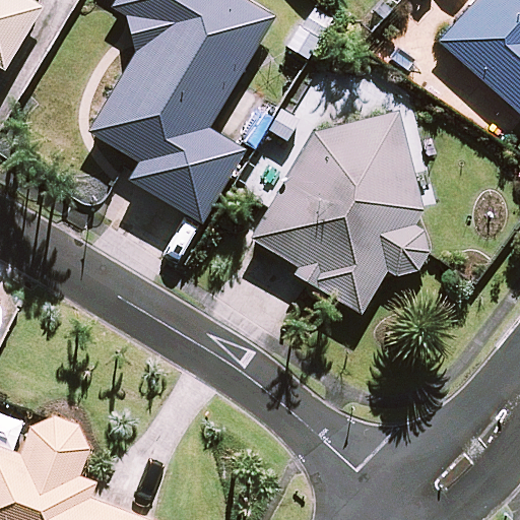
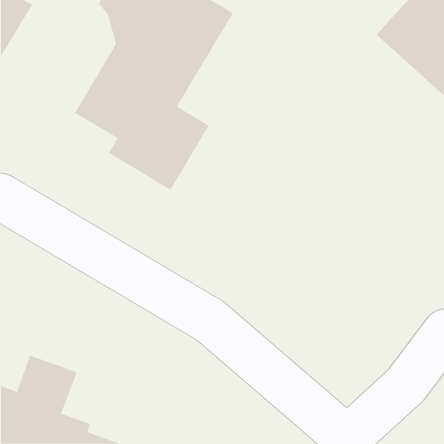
building: [252,110,433,311] -> none

